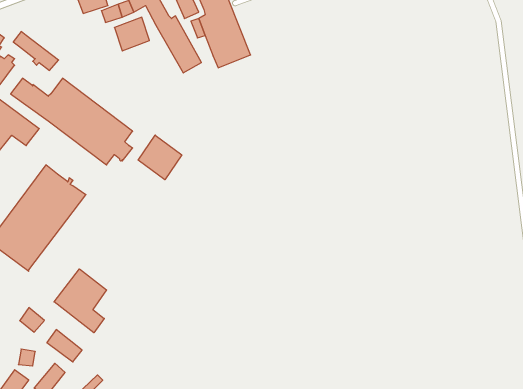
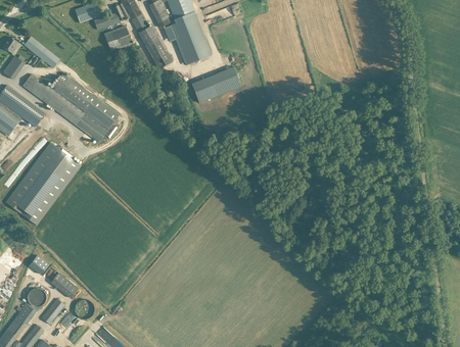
building: none -> [191,66,241,102]
building: [138,135,182,180] -> none
building: [54,269,107,333] -> none

